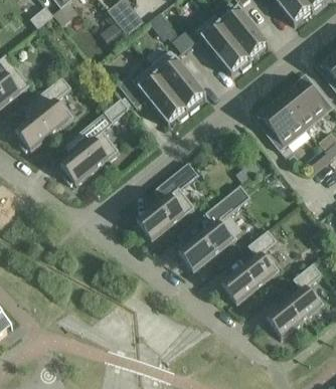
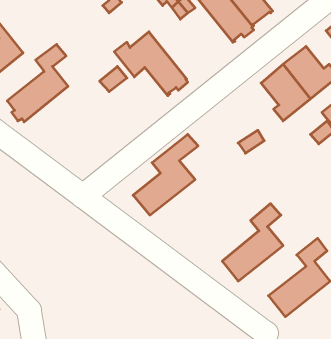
building: [151,48,206,111] -> none
building: [60,129,119,183] -> none
building: [178,183,250,270] -> none

